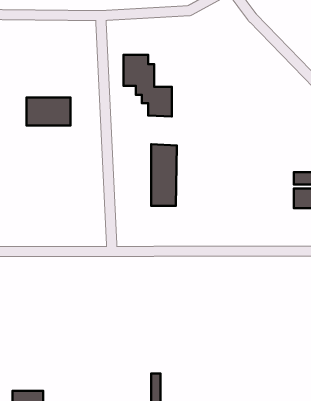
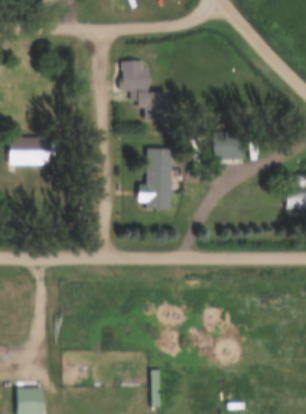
building: [26,98,71,125] -> [8,138,51,165]
building: none -> [216,134,246,158]

